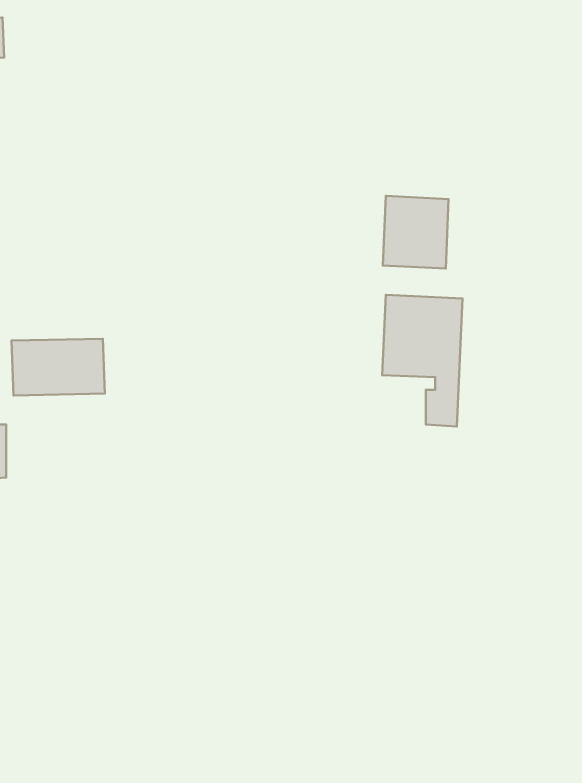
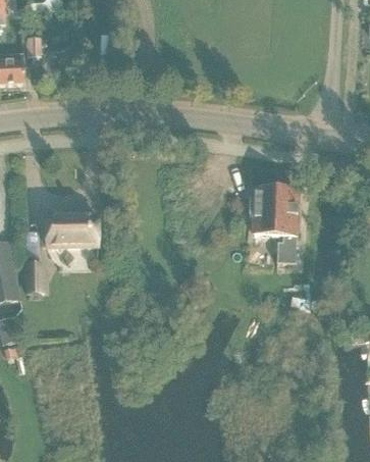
building: [383,196,449,269] -> none

